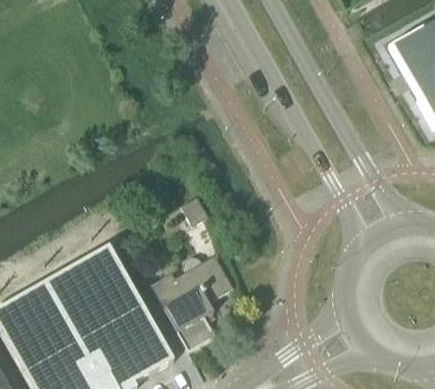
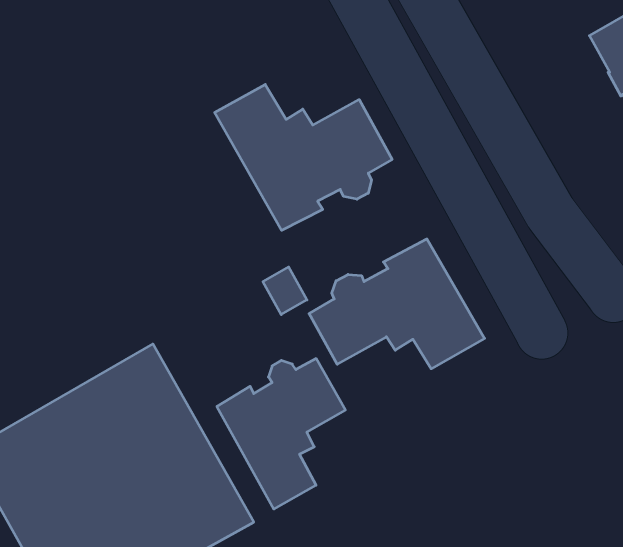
building: none -> [215,84,392,230]
building: none -> [309,239,485,369]

